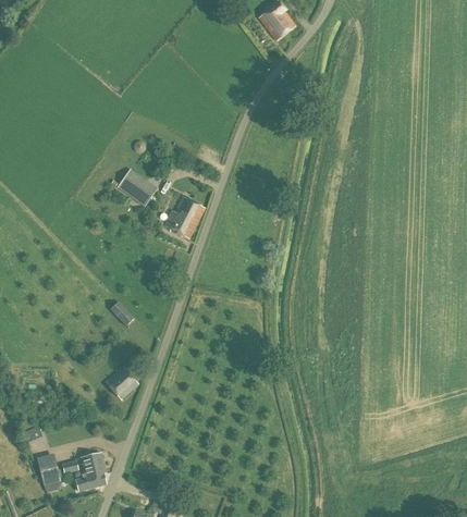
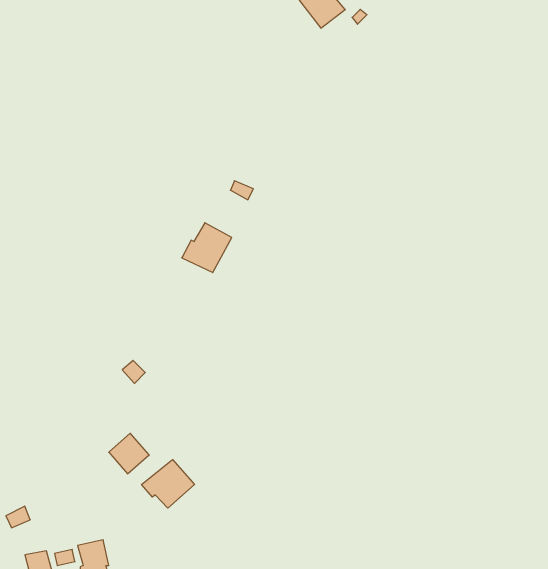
building: [116,169,156,206] -> none
building: none -> [142,460,194,508]

